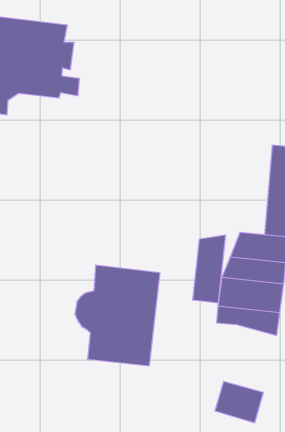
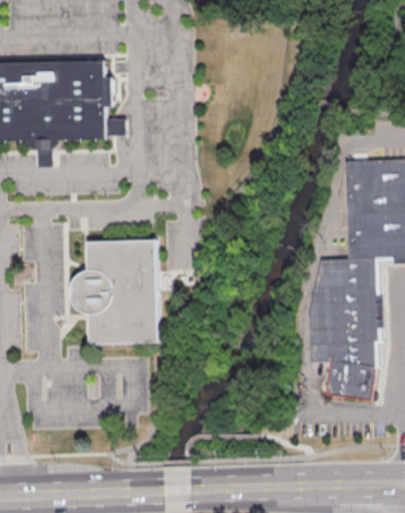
building: [193,235,226,303] -> none
building: [75,265,160,366] -> [71,240,159,345]
building: [215,382,263,423] -> [328,359,378,399]

